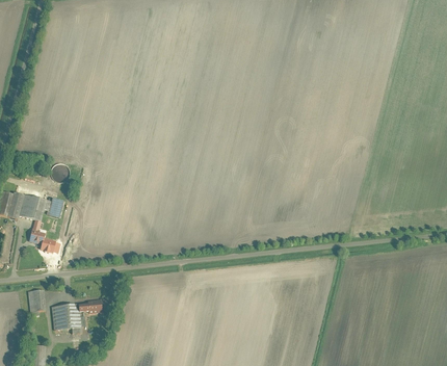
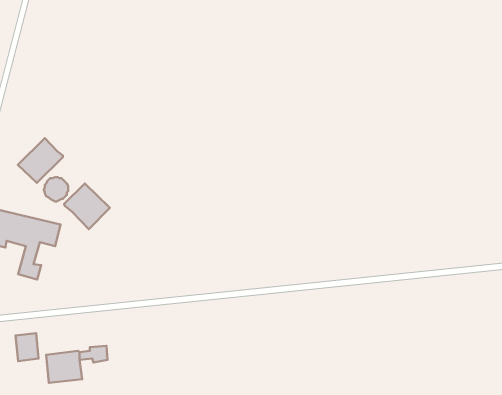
building: none -> [18,138,63,183]
building: none -> [64,184,110,229]

